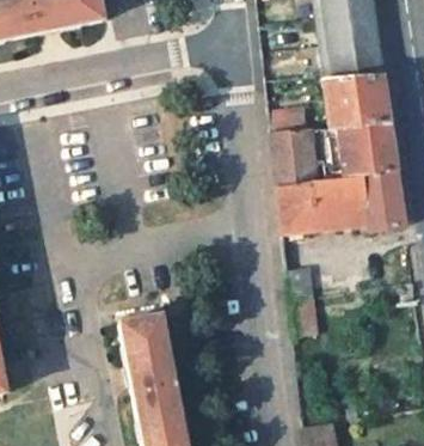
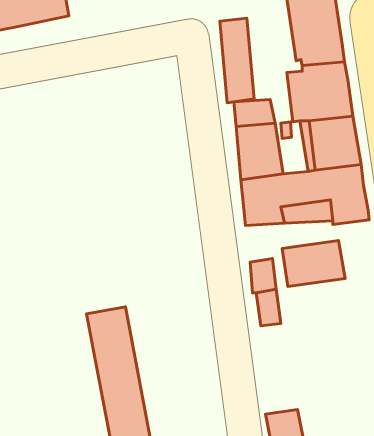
building: none -> [220,18,254,103]
building: none -> [282,241,345,287]

